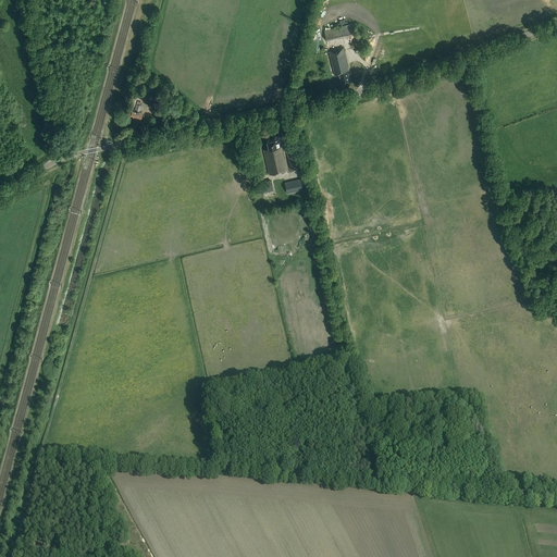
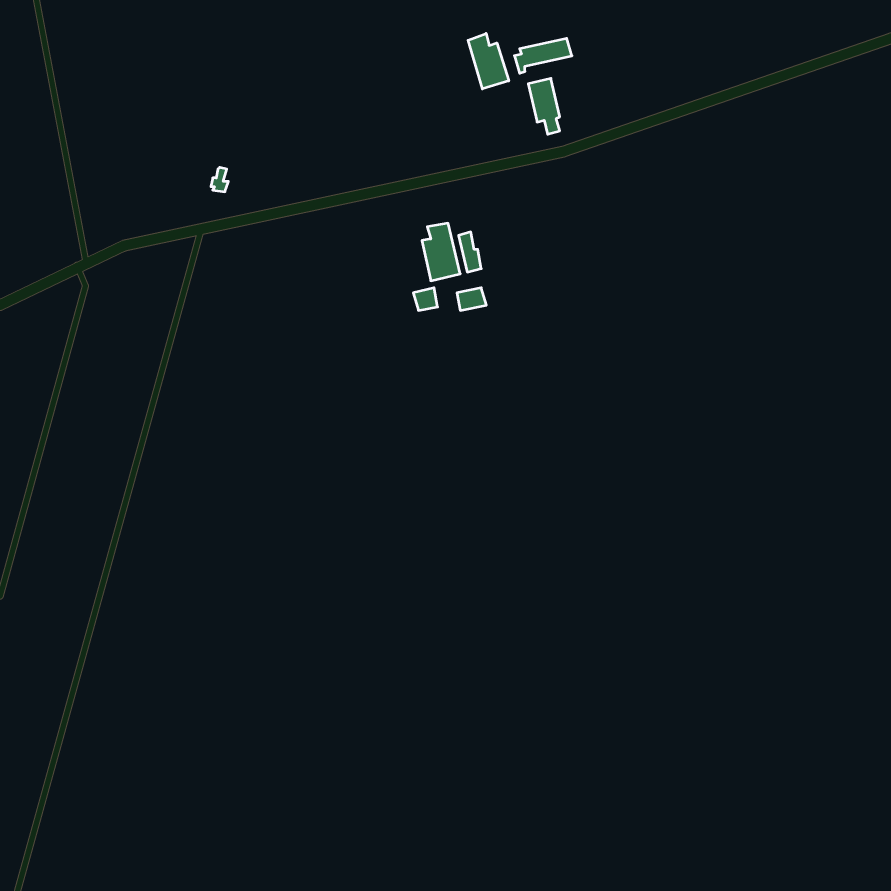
building: none -> [468,33,509,89]

